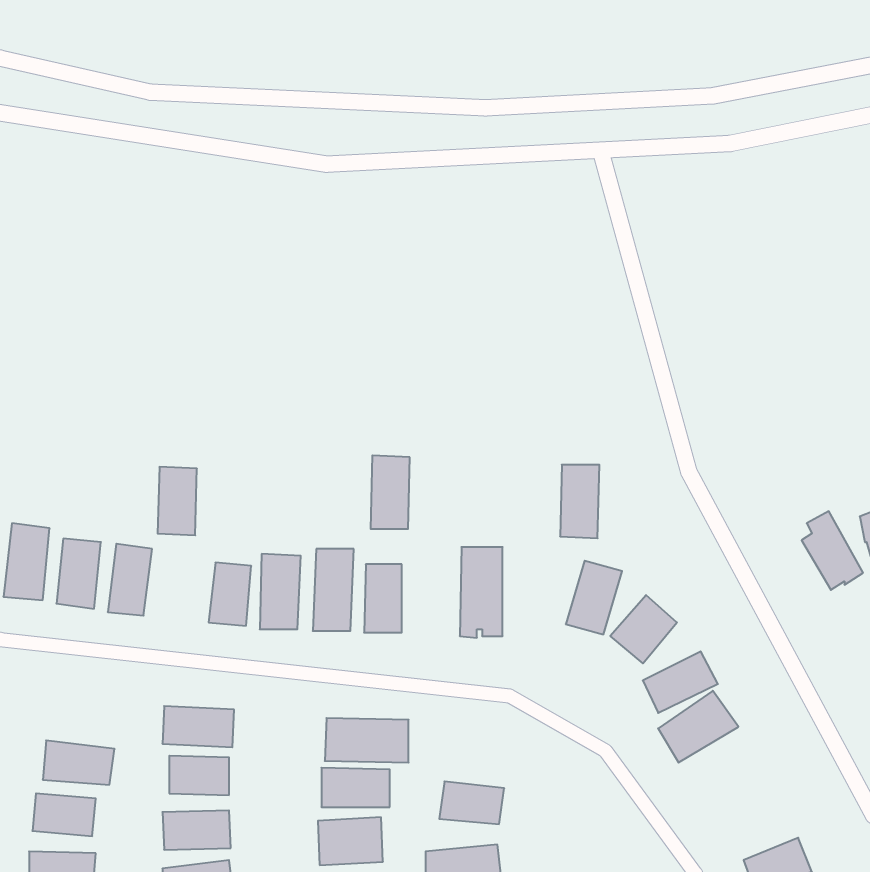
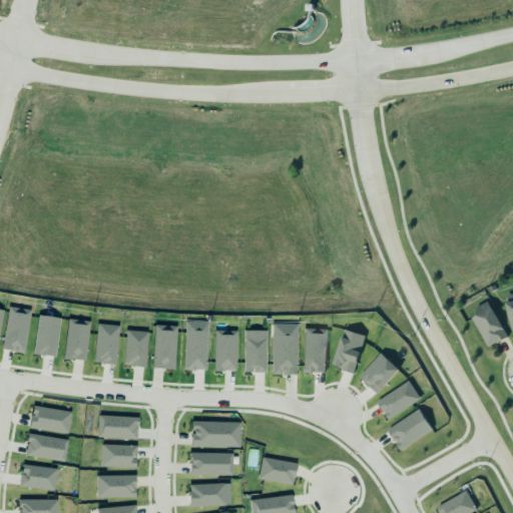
building: [371,455,410,529] -> [245,331,269,374]
building: [560,465,599,538] -> [305,330,328,373]
building: [158,467,197,535] -> [96,325,119,365]
building: none -> [31,408,72,433]

